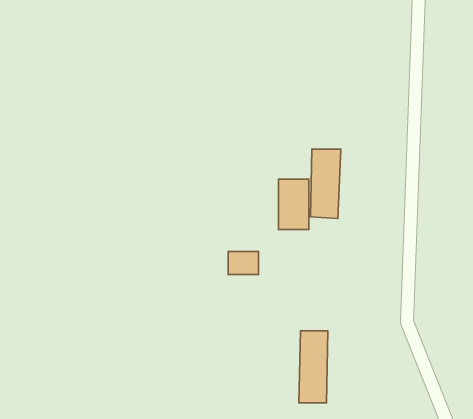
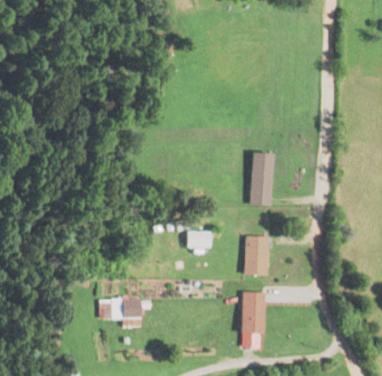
building: [279,179,309,230] -> [245,236,268,275]
building: none -> [100,298,141,325]

